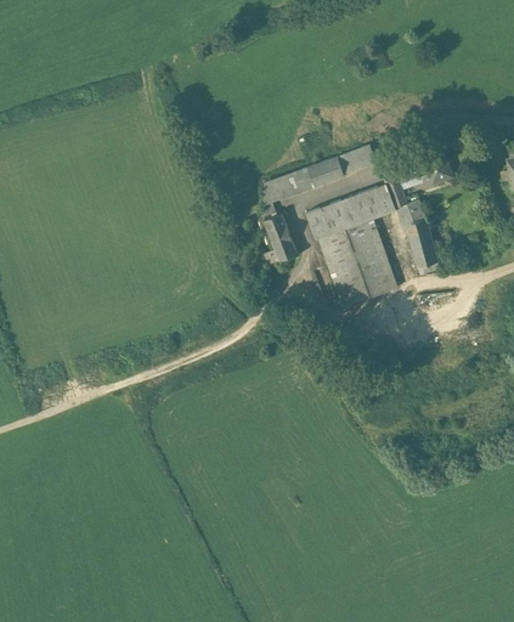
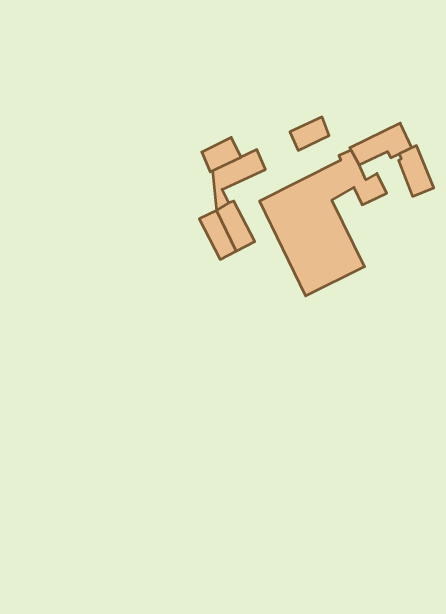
building: [309,156,345,186] -> [202,137,241,172]
building: [408,220,439,267] -> [399,146,434,196]

